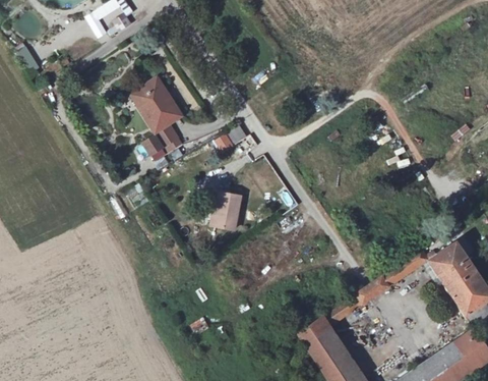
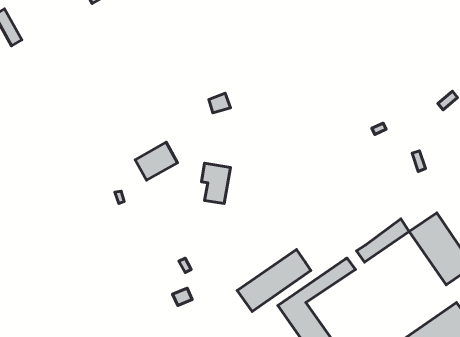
building: [141,77,180,127] -> none
building: [144,123,186,161] -> [135,142,177,180]
building: none -> [237,250,311,312]

